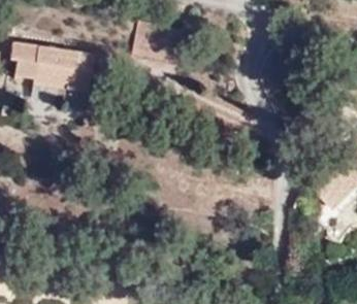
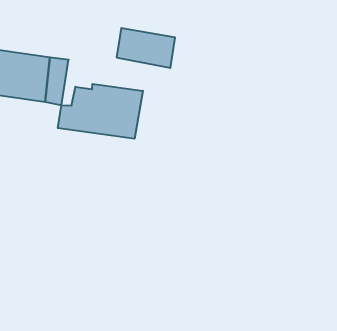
building: none -> [58,84,143,139]

